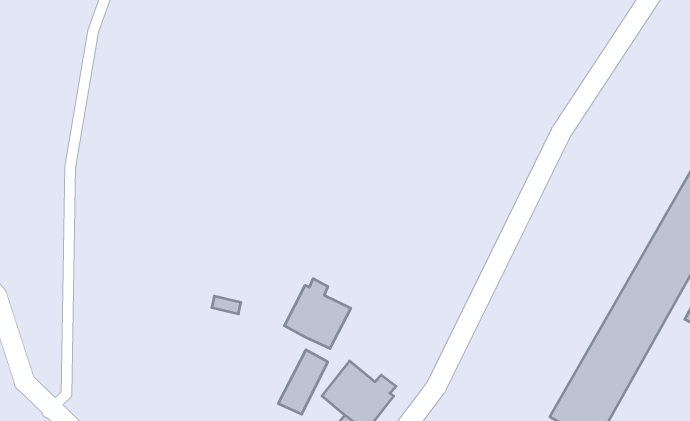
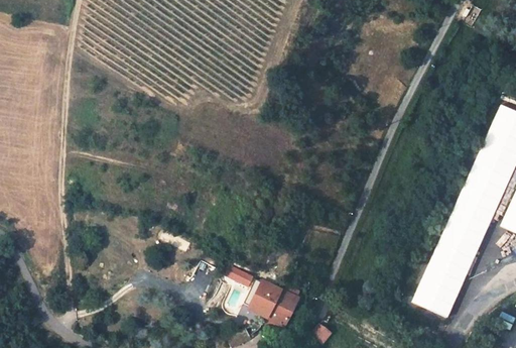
building: [284,279,351,349] -> none

